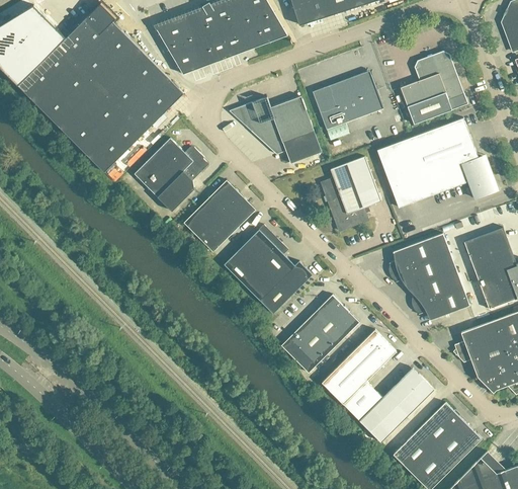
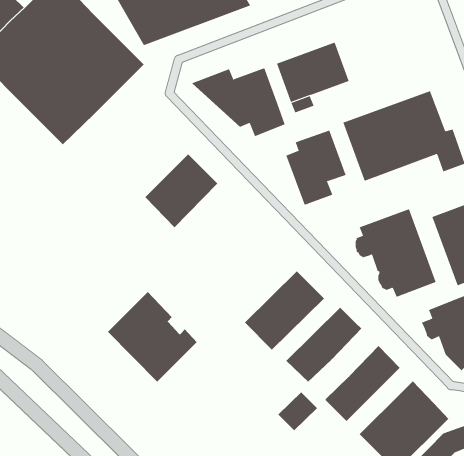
building: [400,52,467,125] -> none
building: [134,138,205,212] -> none
building: [224,225,312,314] -> [107,291,197,382]
building: [343,382,382,420] -> [277,392,318,431]

